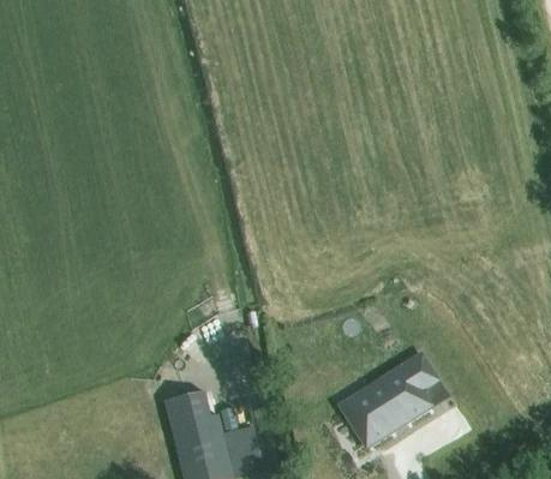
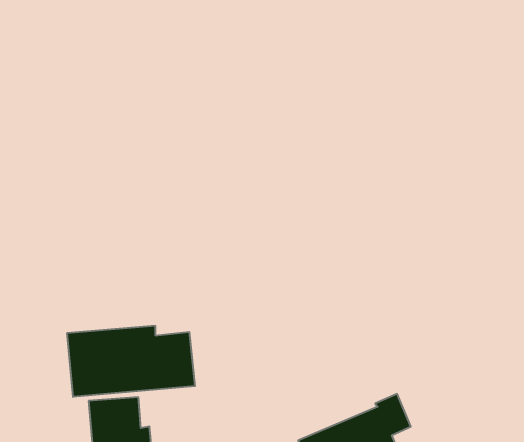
building: none -> [67,326,195,397]

